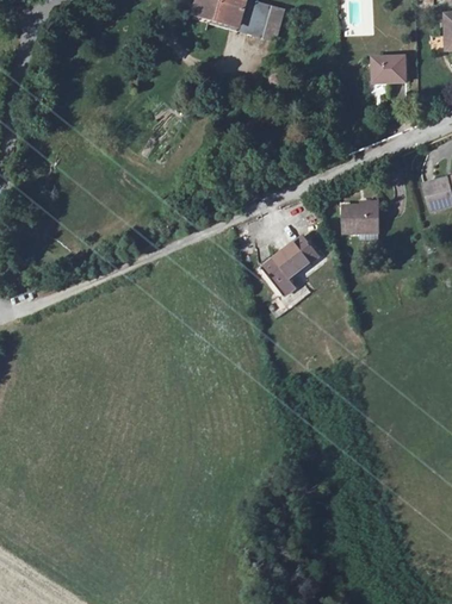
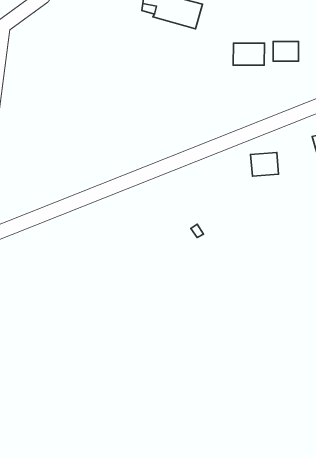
building: none -> [233,43,265,65]
building: [262,236,318,299] -> none

